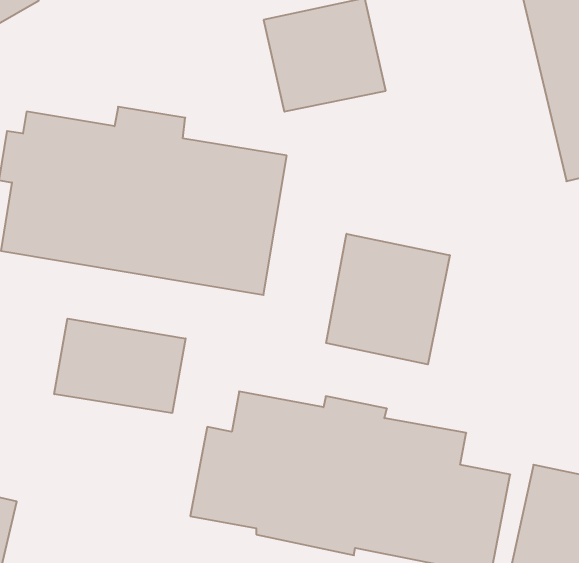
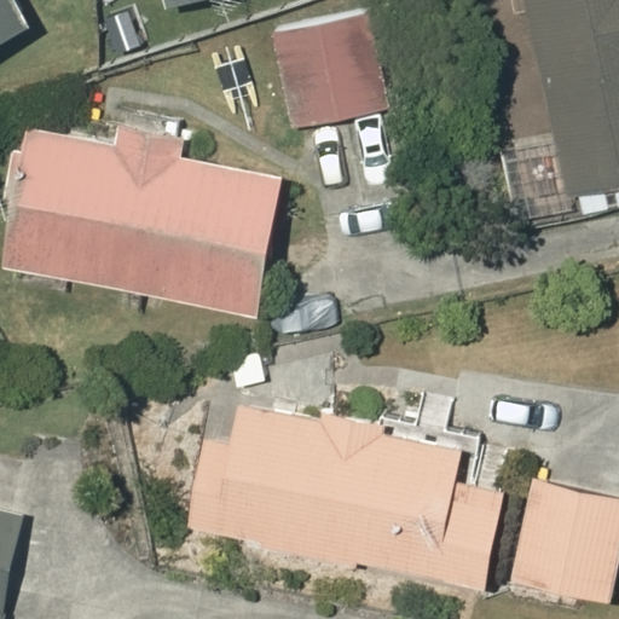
building: [326,234,450,364] -> none
building: [54,319,186,413] -> none

